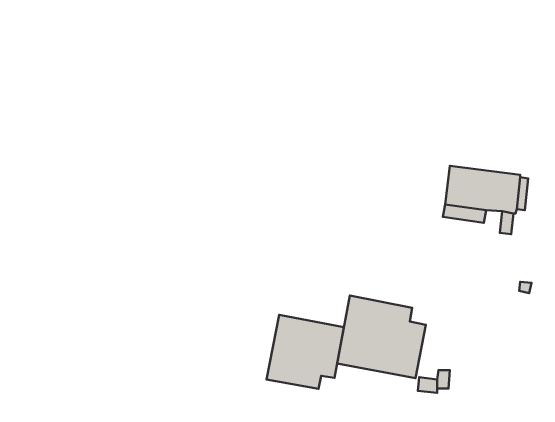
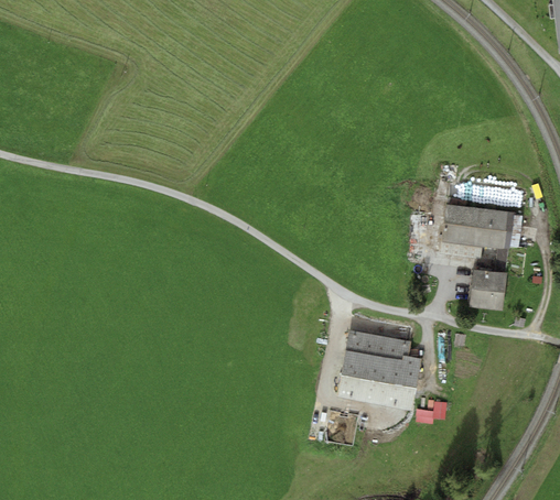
building: none -> [469,269,506,311]
building: [267,315,344,389] -> none

